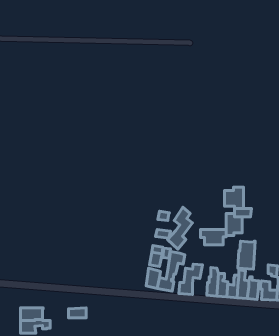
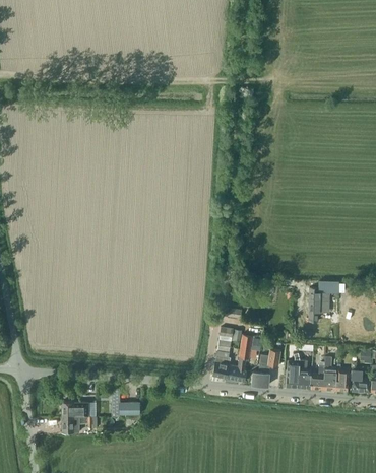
building: [224,187,244,209] -> none
building: [167,207,192,249] -> none
building: [200,230,226,245] -> none
building: [238,241,255,269] -> none

